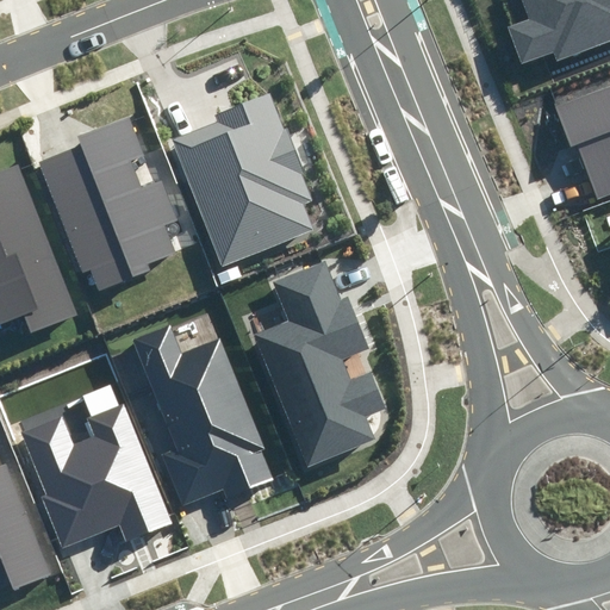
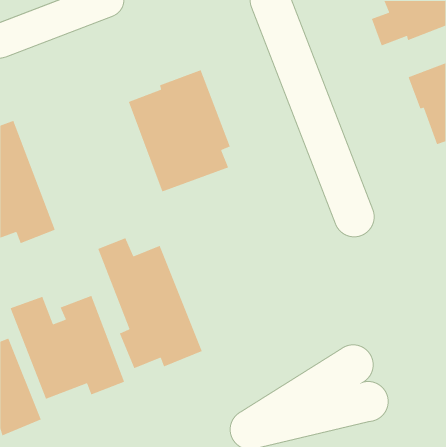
building: [37,117,180,292] -> none
building: [250,263,388,468] -> none

